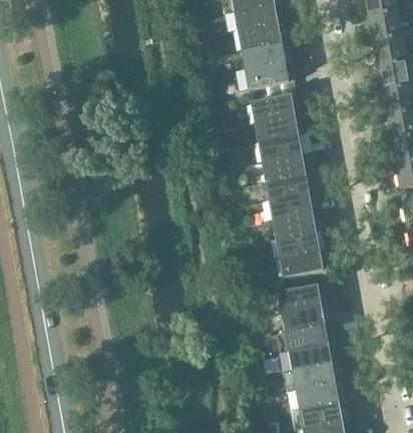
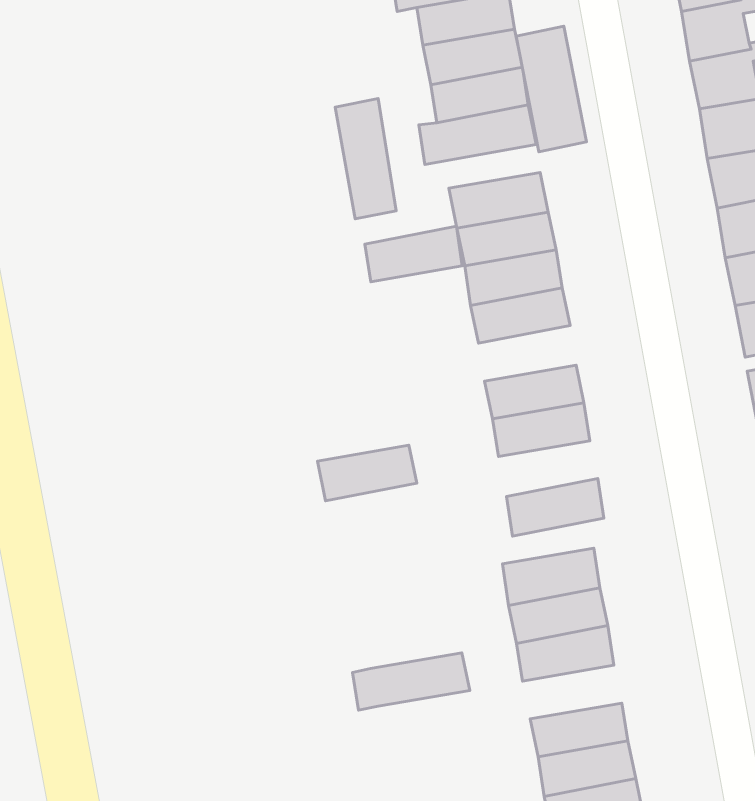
building: none -> [516,26,586,152]
building: none -> [335,98,396,219]
building: [265,172,314,200] -> [365,226,462,282]
building: [275,231,325,259] -> [317,445,417,501]
building: [278,344,337,373] -> [352,653,470,710]

